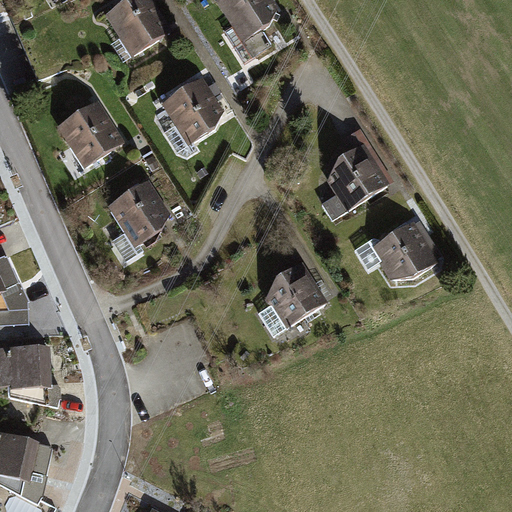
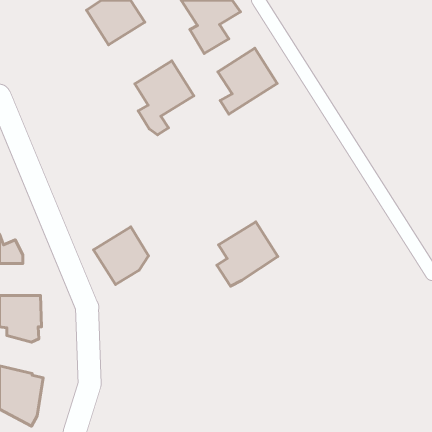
building: [56,97,125,165] -> none
building: [316,141,386,219] -> [218,48,277,114]
building: [106,177,171,245] -> [94,227,149,285]
building: [354,219,440,276] -> none

